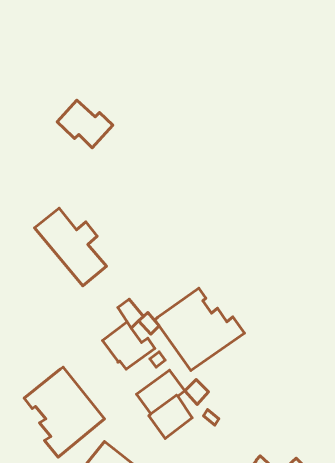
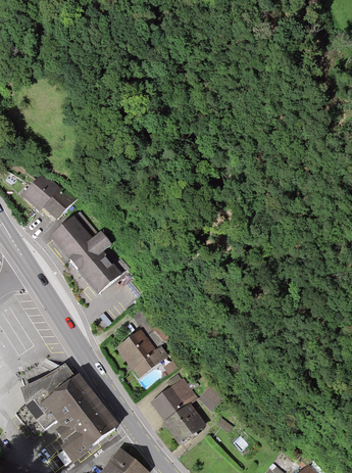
building: [57,100,113,148] -> [21,173,77,220]
building: [155,288,244,370] -> none
building: none -> [20,364,74,408]

